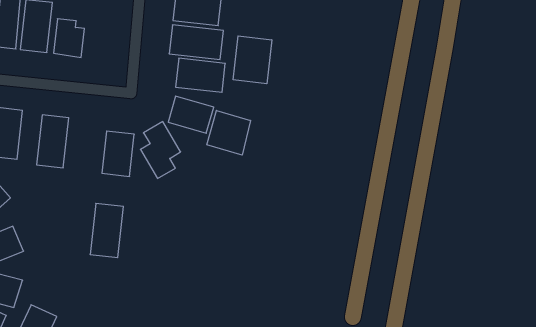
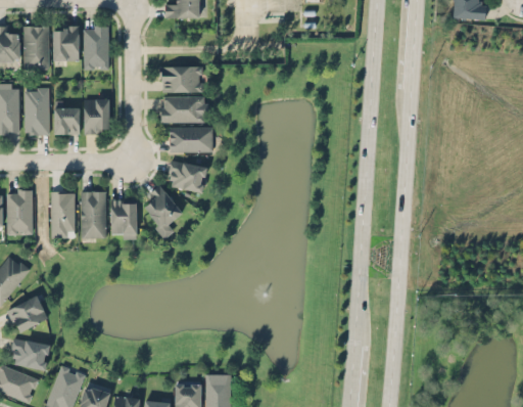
building: none -> [84,98,109,134]
building: [233,36,272,84] -> none
building: [207,110,251,155] -> none
building: [90,203,123,258] -> [81,191,106,238]

